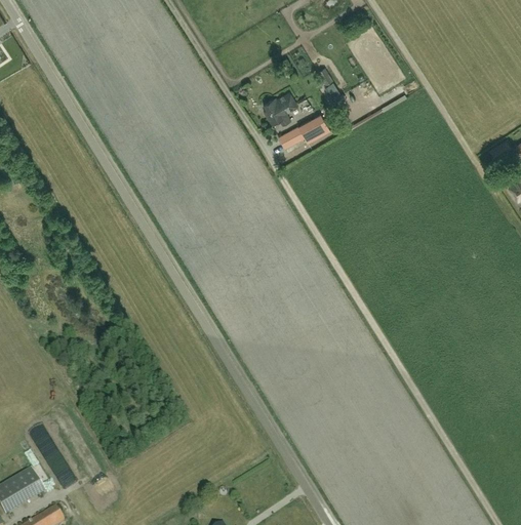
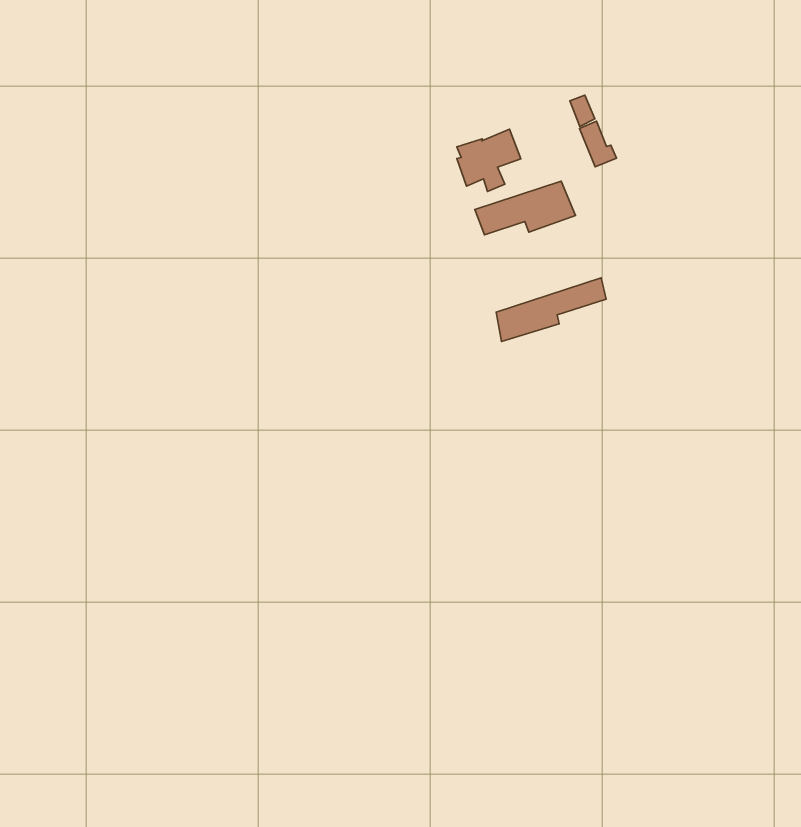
building: none -> [496,278,606,341]

